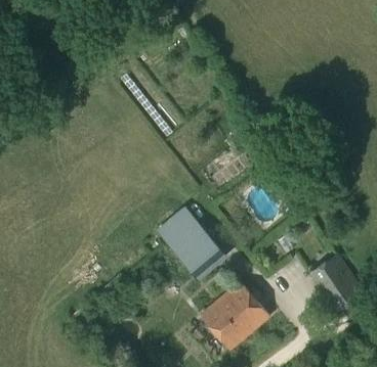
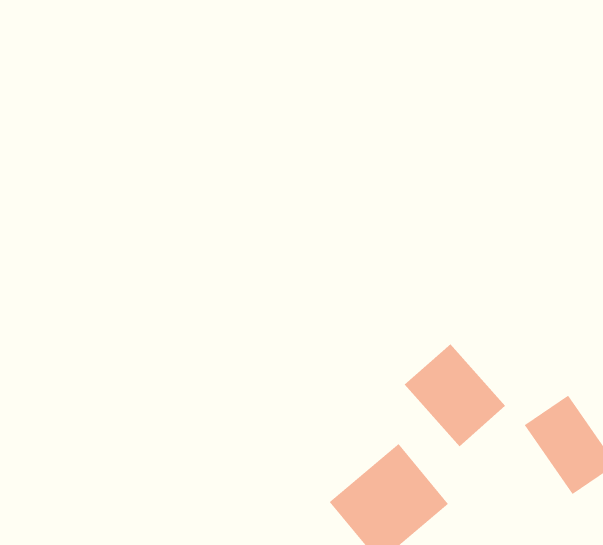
building: [163,215,221,274] -> [404,343,506,447]

